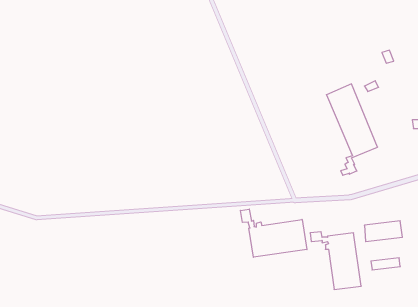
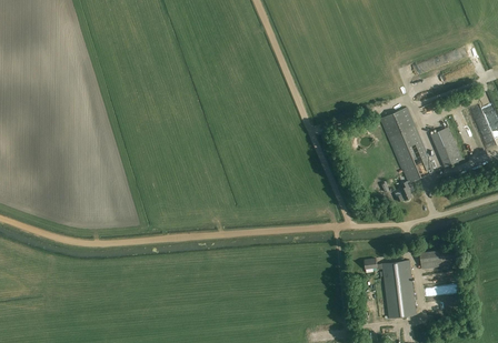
building: none -> [431,124,464,164]
building: [240,209,307,257] -> none

